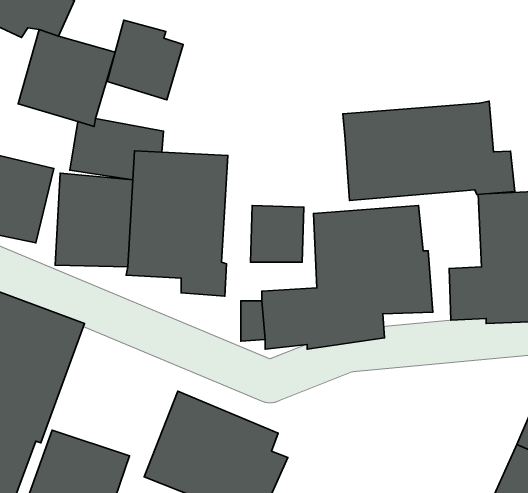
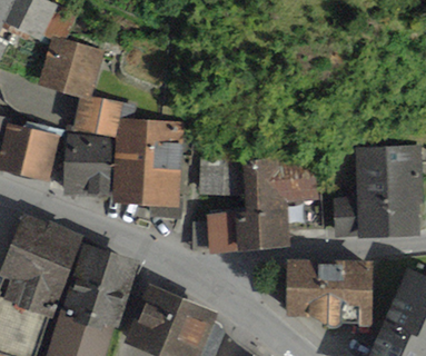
building: [107,20,183,100] -> none
building: [343,101,515,200] -> none
building: none -> [61,243,140,329]
building: none -> [286,260,373,330]

